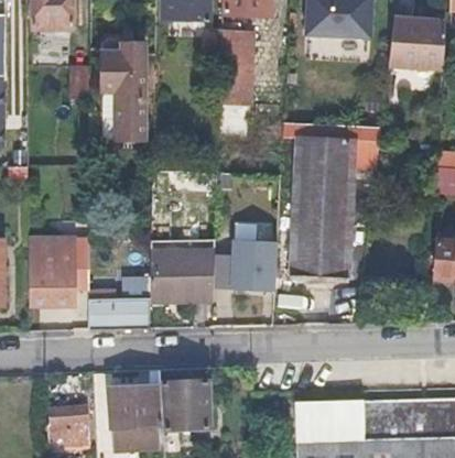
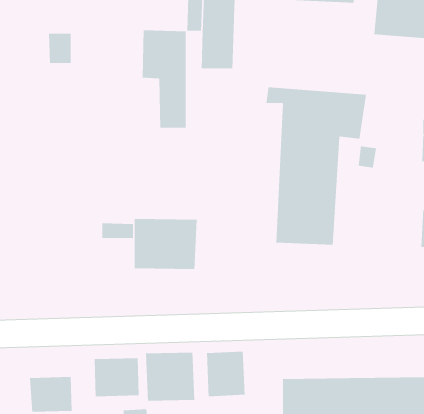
building: [99,40,143,137] -> [142,30,186,128]
building: [28,223,89,304] -> none
building: [232,240,277,294] -> none
building: [88,296,151,329] -> none
building: none -> [206,351,245,397]

